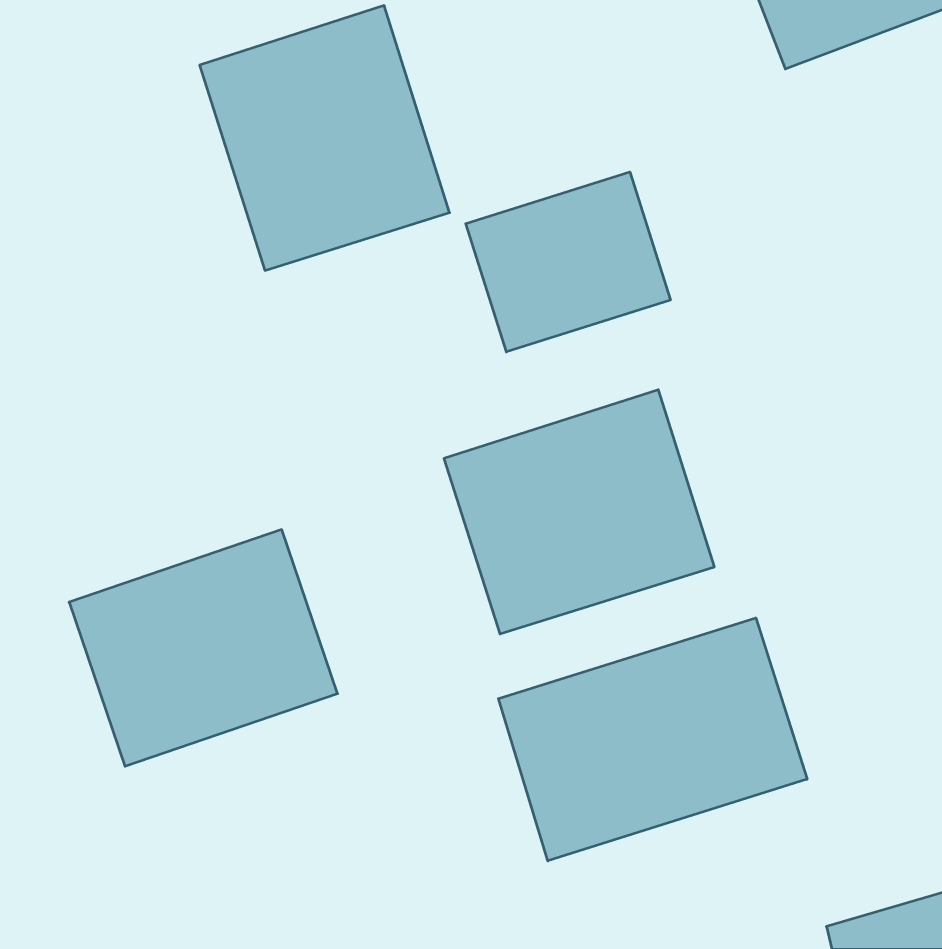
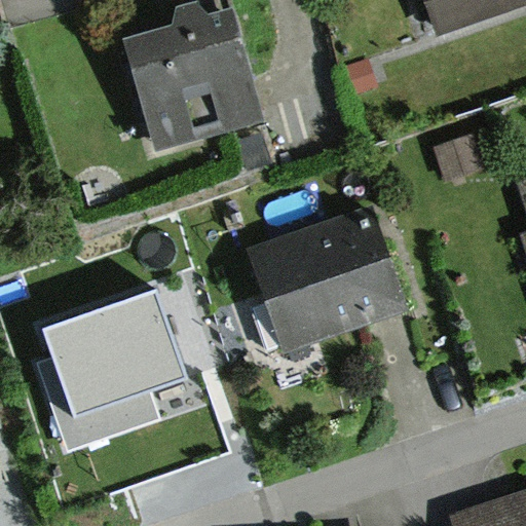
building: [466,172,670,352] -> none
building: [498,618,807,861] -> none

